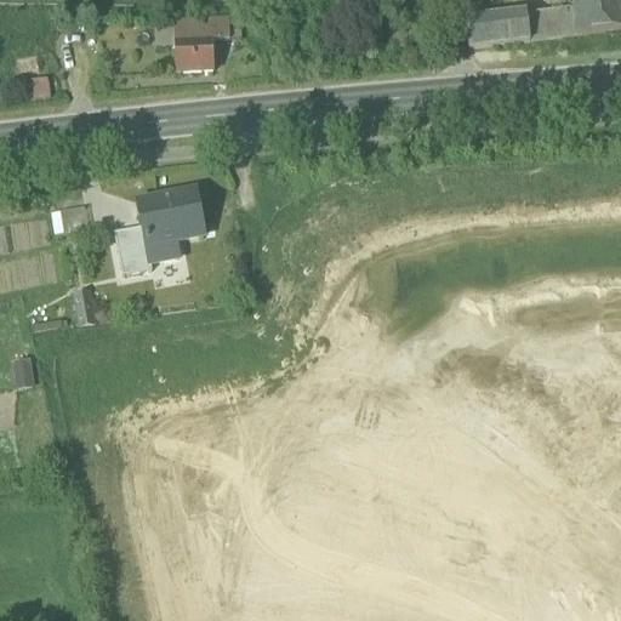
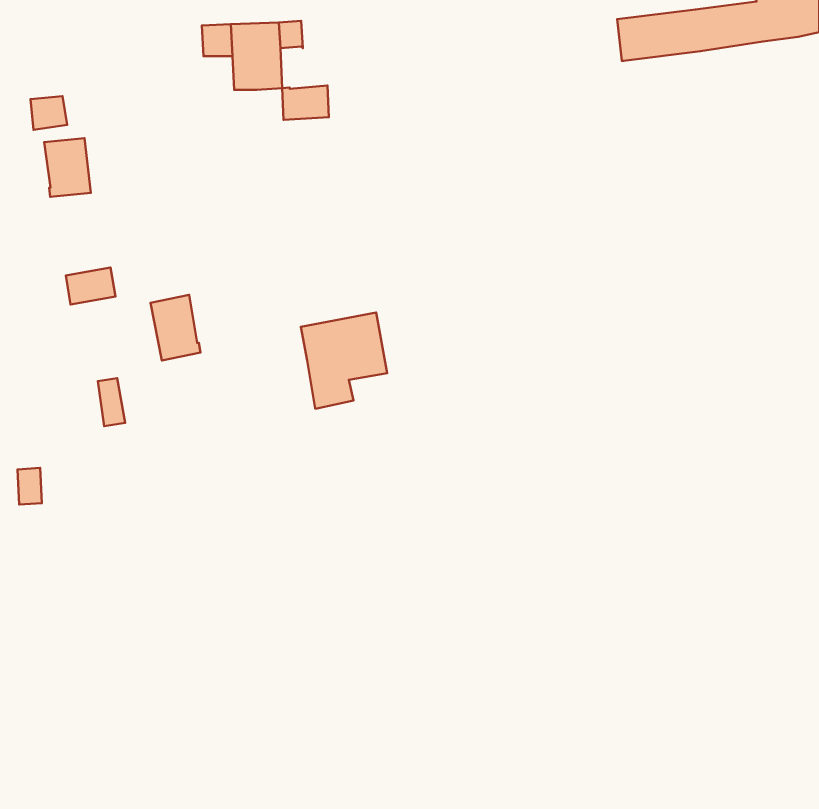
building: none -> [282,86,329,120]
building: none -> [44,138,91,197]
building: [138,187,204,260] -> [301,312,387,409]

